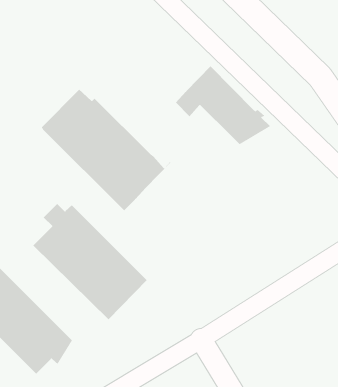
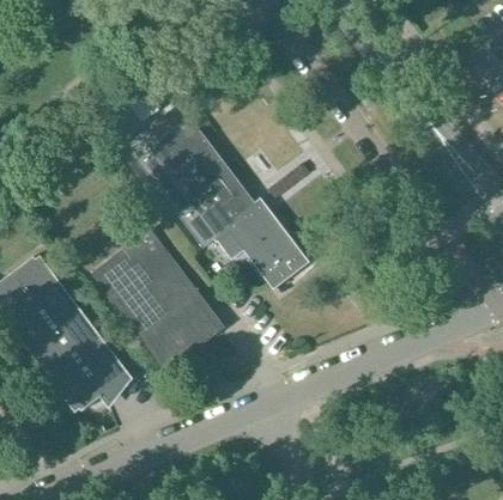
building: [175,66,271,145] -> [223,206,323,297]

